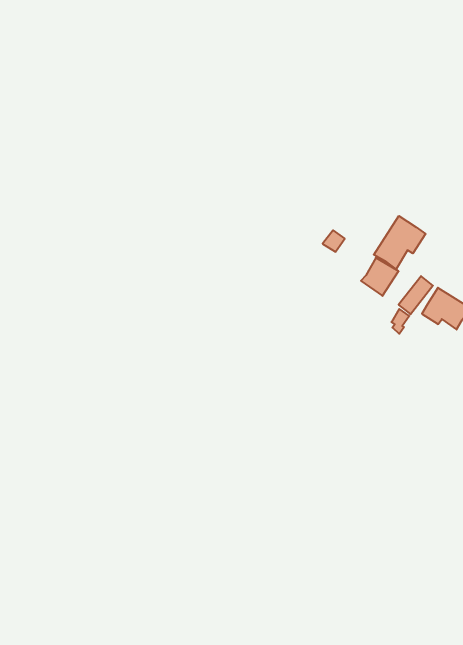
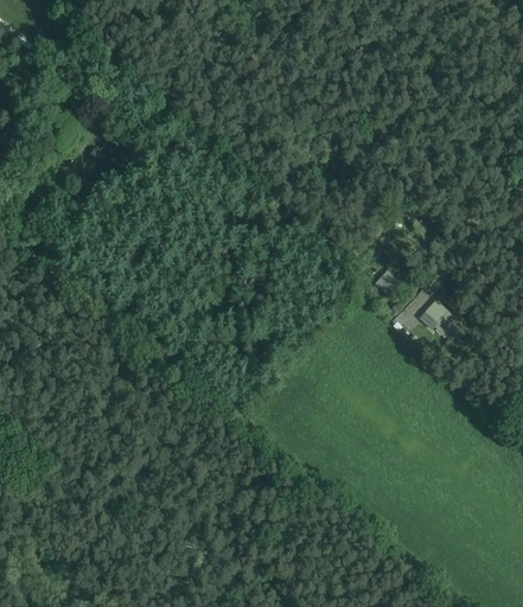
building: [374,216,426,269] -> none

